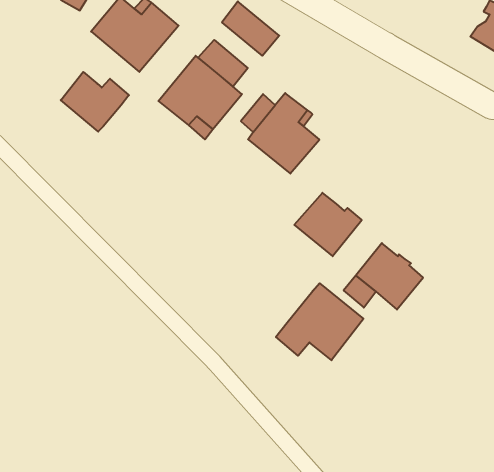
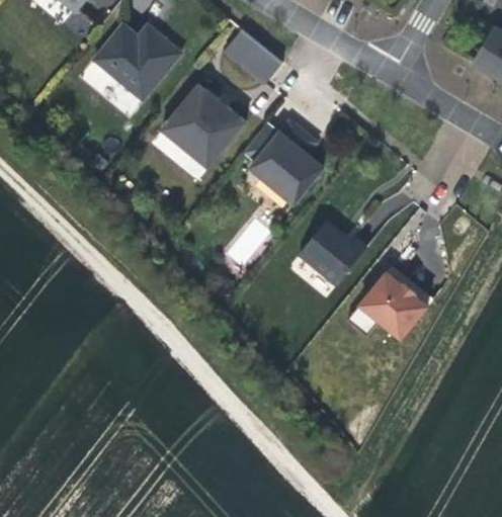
building: [198,40,248,86] -> none
building: [61,72,129,132] -> none
building: [276,283,363,360] -> none

